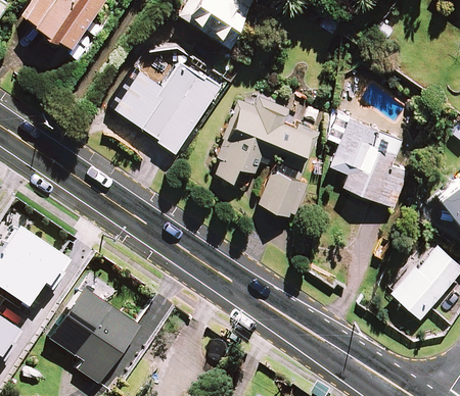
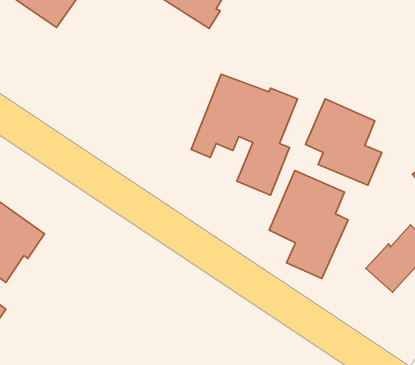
building: [117,63,219,154] -> none
building: none -> [269,171,348,279]
building: [48,292,137,388] -> none

